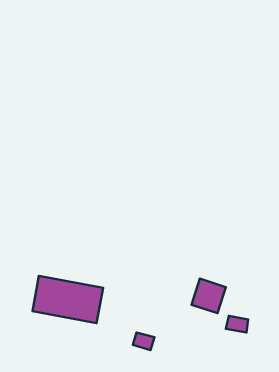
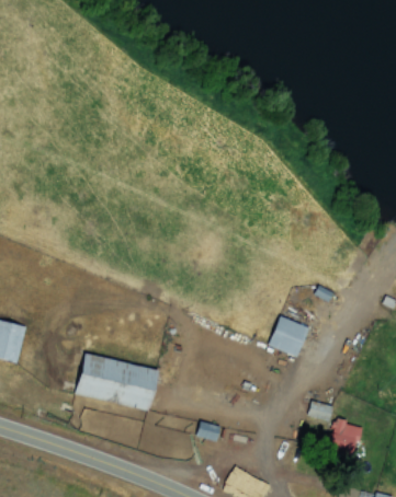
building: [191,279,226,313] -> [268,315,308,356]
building: none -> [327,418,362,454]

